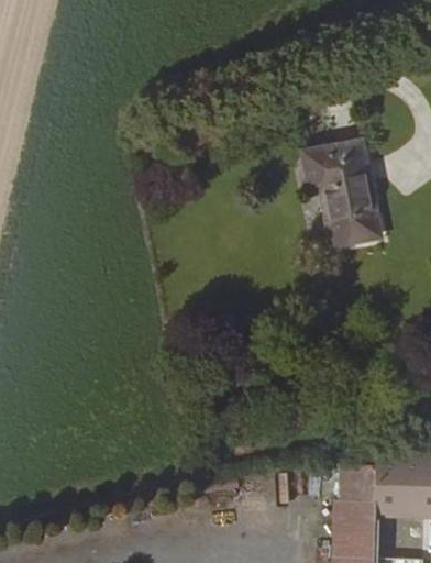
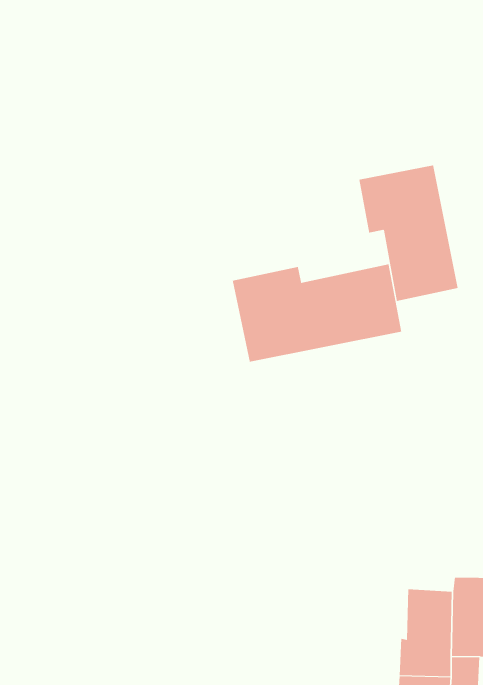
building: none -> [232,263,402,363]

